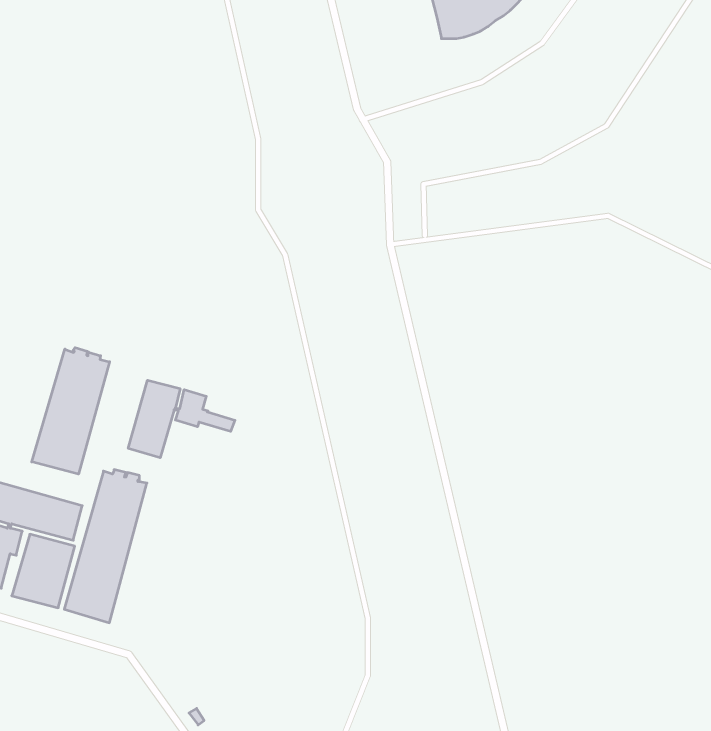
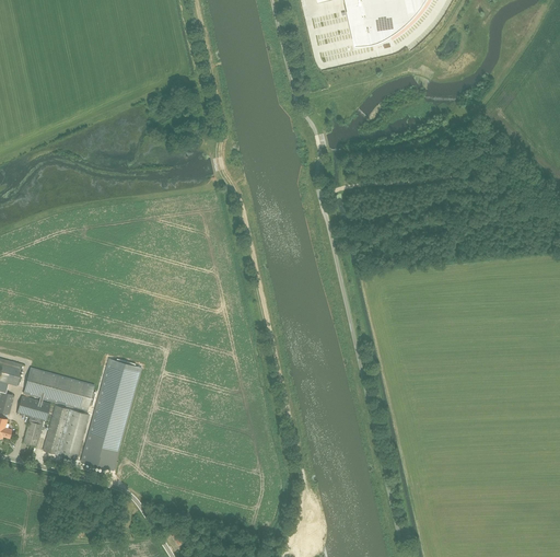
building: [32,348,110,474] -> none
building: [128,380,235,458] -> none

